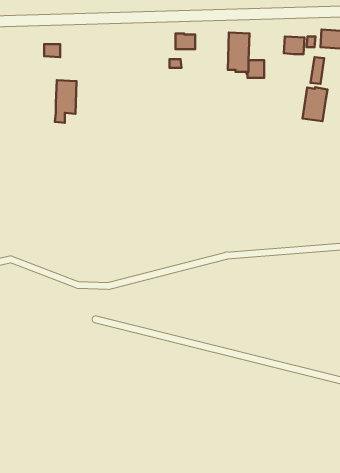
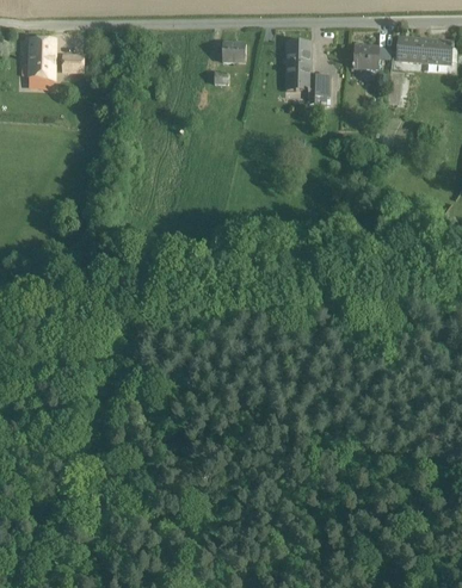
building: [55,80,77,123] -> [27,39,54,91]
building: [302,87,327,121] -> none

